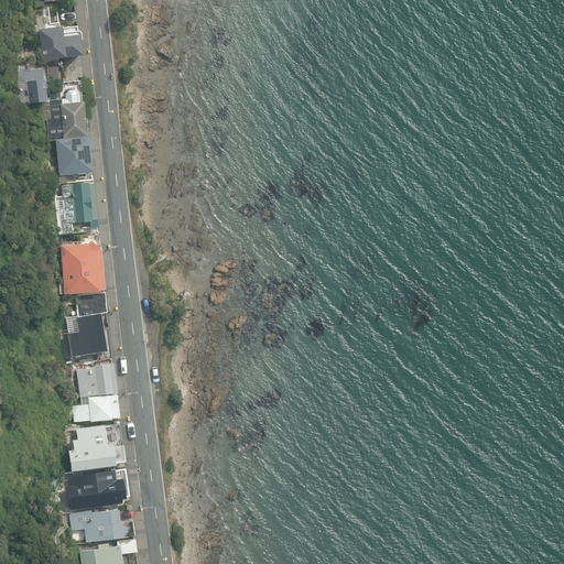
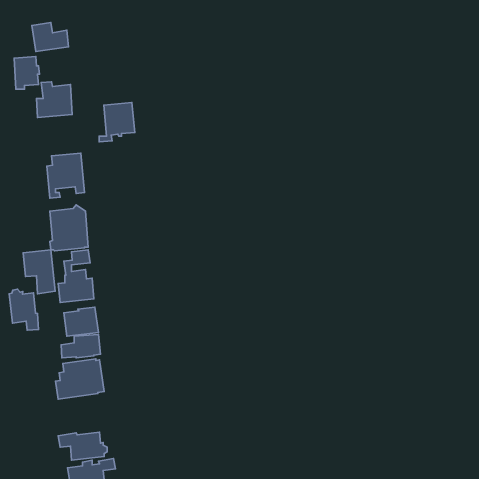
building: [48,135,90,182] -> [99,102,135,142]
building: none -> [23,250,55,294]
building: none -> [9,289,38,330]
building: [66,468,124,508] -> none

